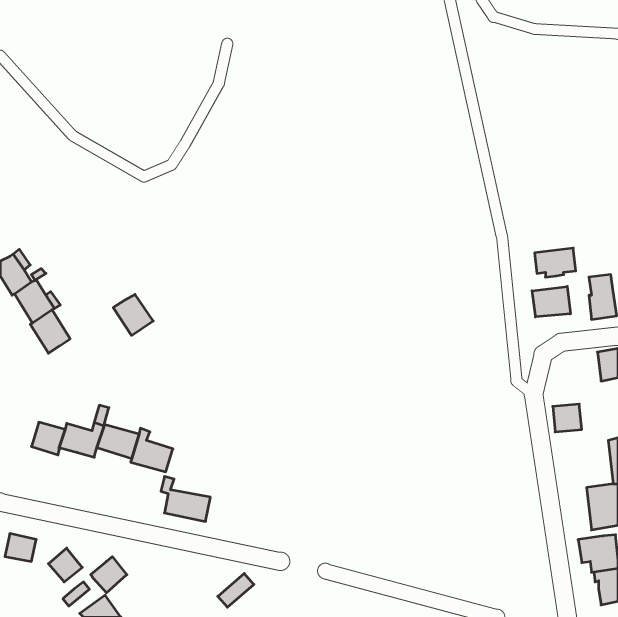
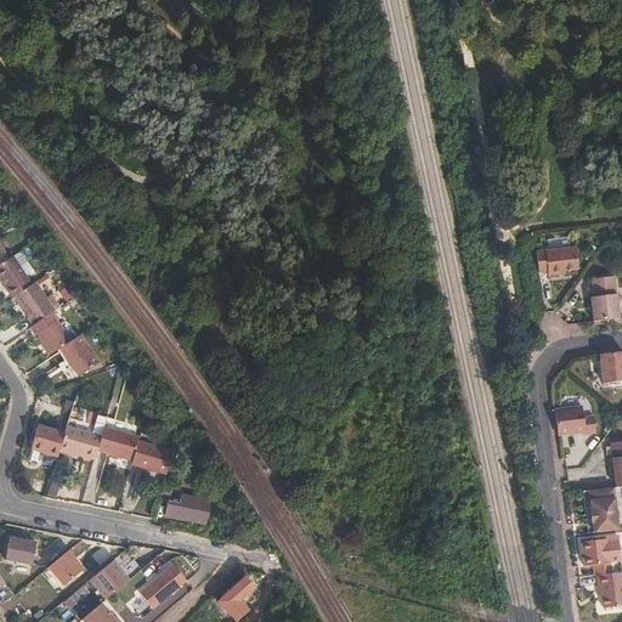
building: [532,286,570,317] -> none
building: [113,294,153,335] -> [60,334,100,375]
building: none -> [138,561,187,609]

